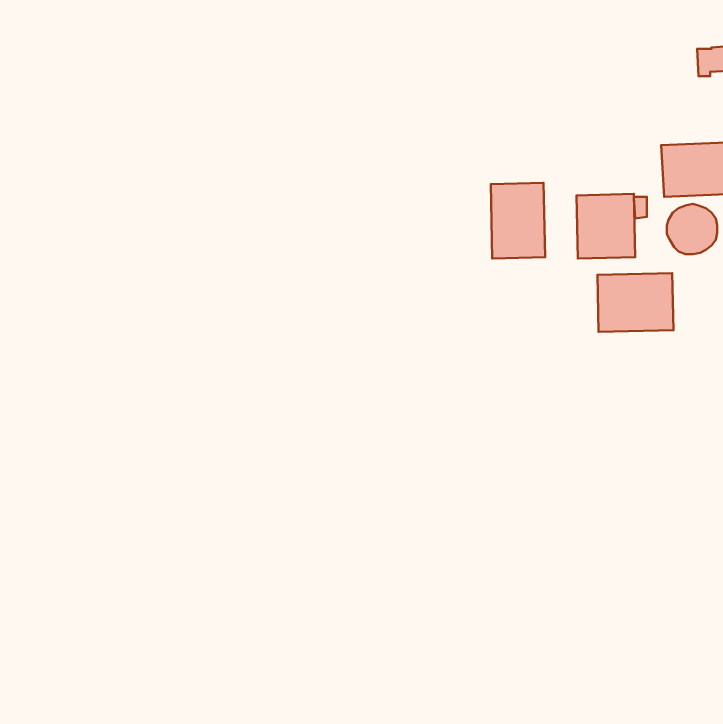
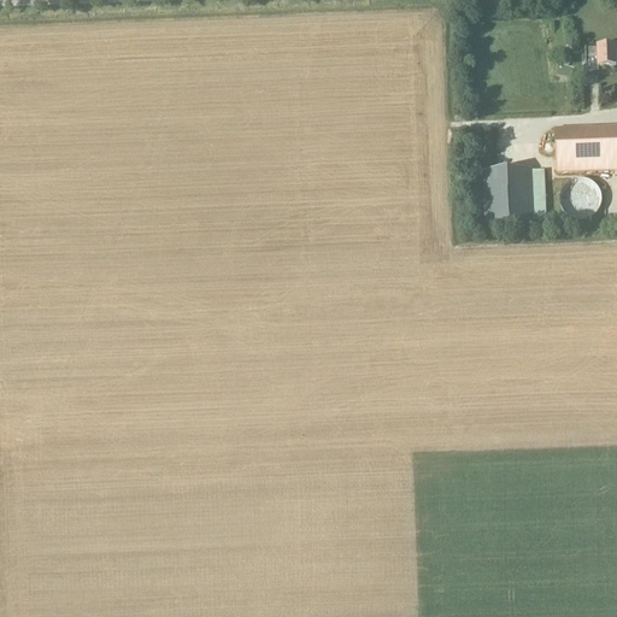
building: [491,183,545,258] -> none
building: [597,273,673,332] -> none

